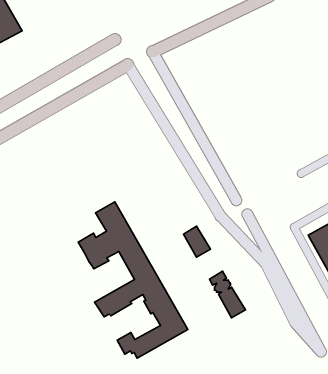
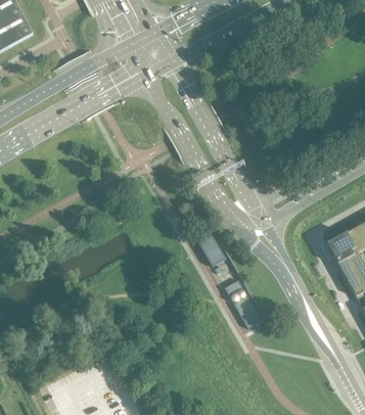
building: [78,202,188,358] -> none

